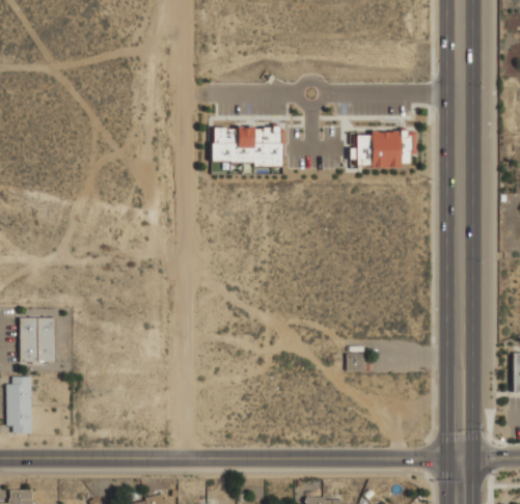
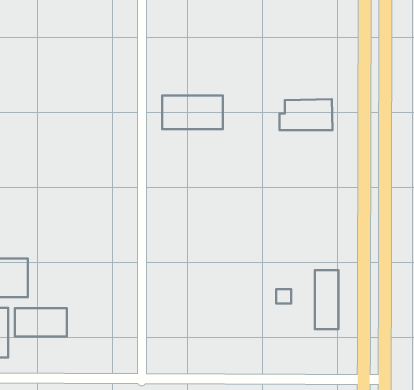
building: none -> [315,270,338,329]
building: none -> [15,308,67,337]

